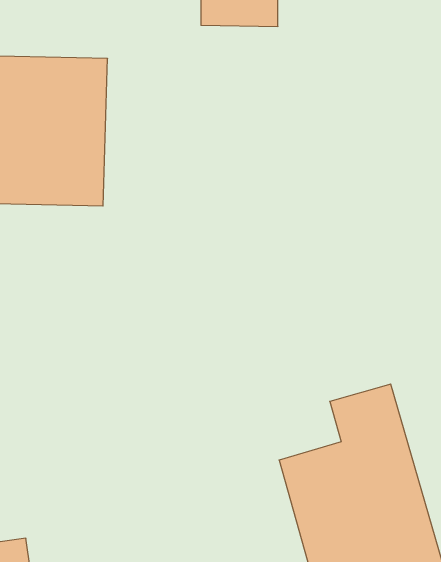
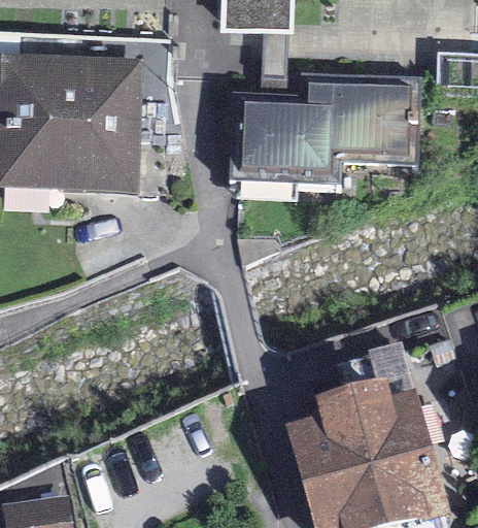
building: none -> [238,84,413,193]

